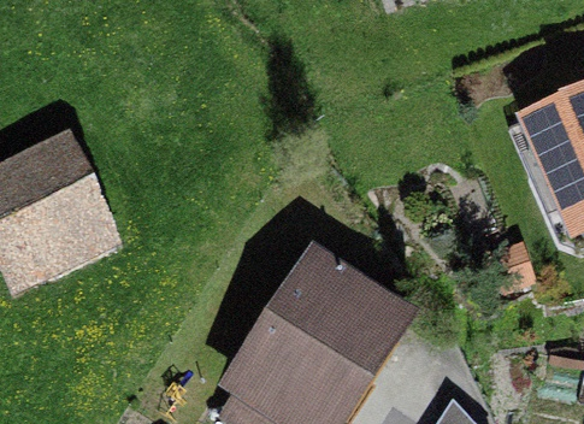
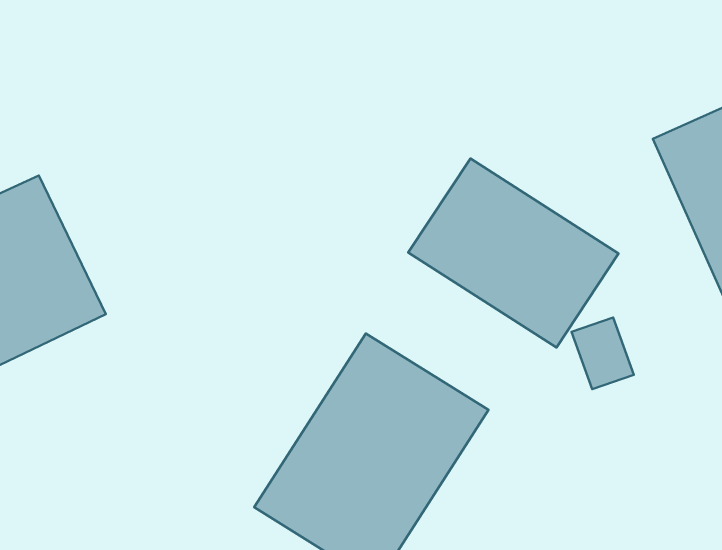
building: none -> [408,159,619,347]

